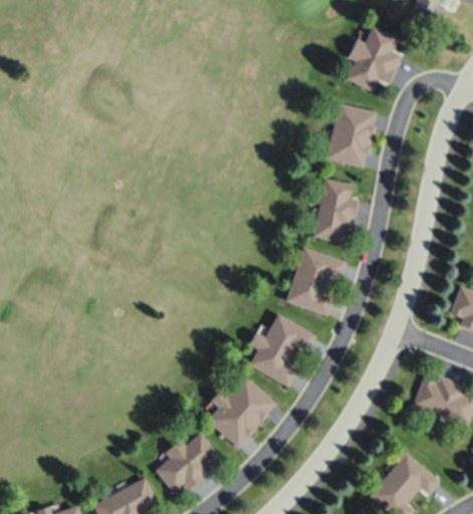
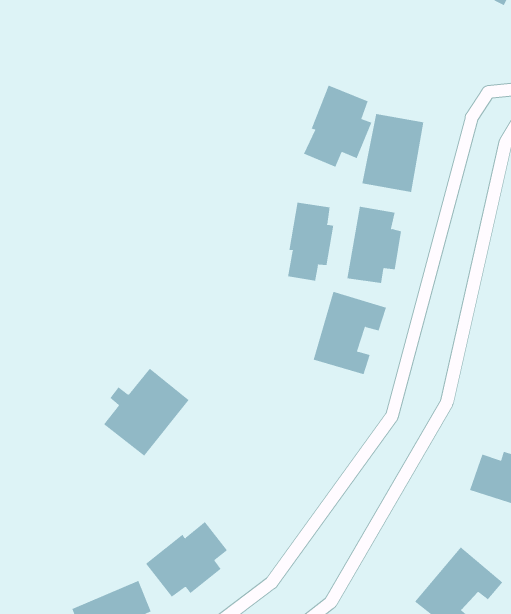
building: [345,25,401,91] -> [303,85,372,168]
building: none -> [288,202,334,281]
building: [248,313,315,386] -> none
building: [206,375,275,447] -> [103,368,189,457]

